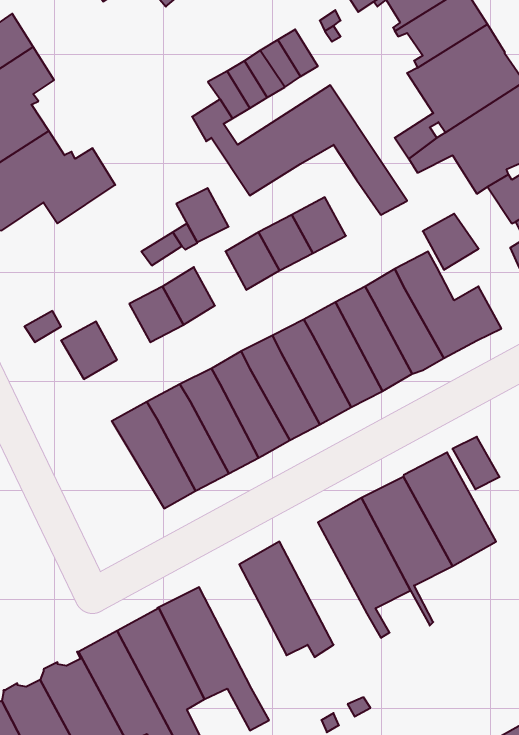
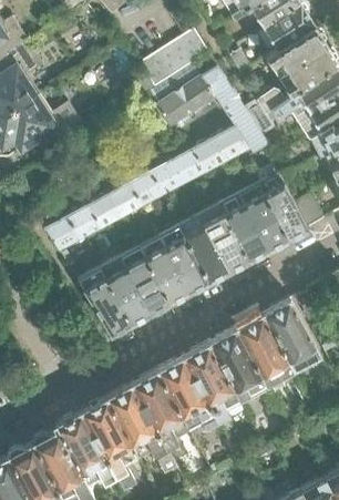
building: [176,188,229,242] -> [130,172,163,206]
building: [423,214,479,270] -> [213,126,248,162]
building: none -> [68,205,102,241]
building: none -> [184,344,239,421]
building: none -> [133,370,188,449]

